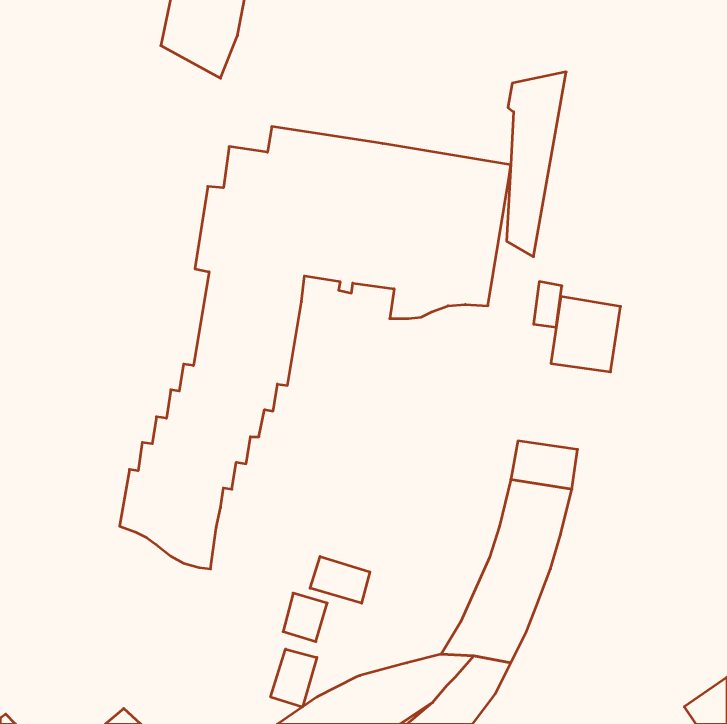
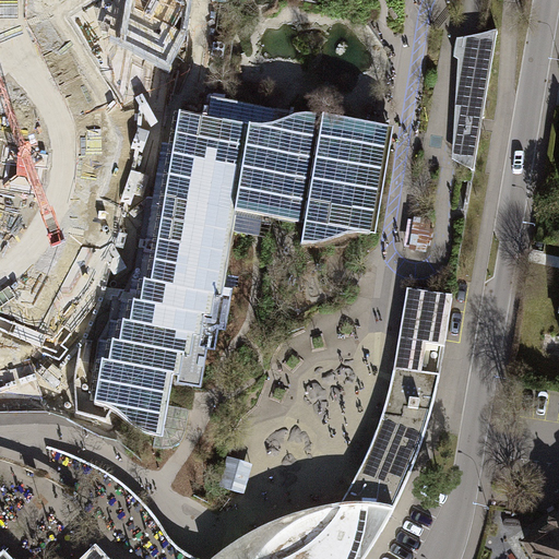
building: [507,72,566,257] -> [451,28,497,170]
building: [551,297,621,372] -> [397,287,451,345]
building: [310,556,370,603] -> none
building: [271,649,317,707] -> none

